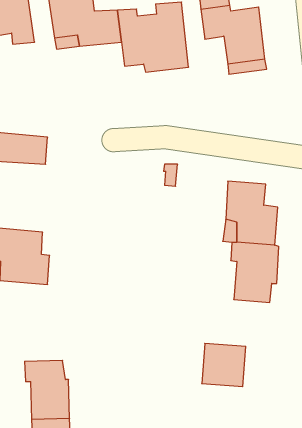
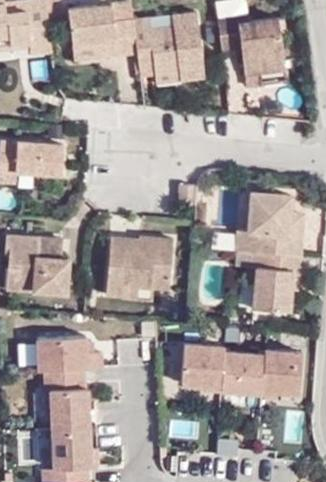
building: none -> [107,235,173,301]
building: none -> [33,335,98,369]
building: none -> [181,343,224,391]
building: none -> [261,351,301,397]

